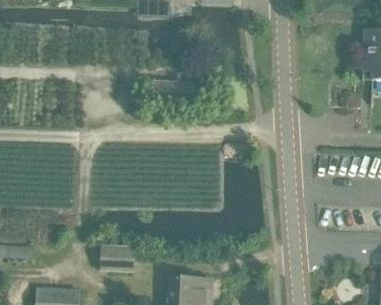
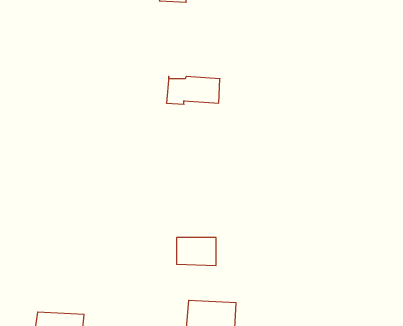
building: [100,245,135,270] -> [177,238,216,265]

